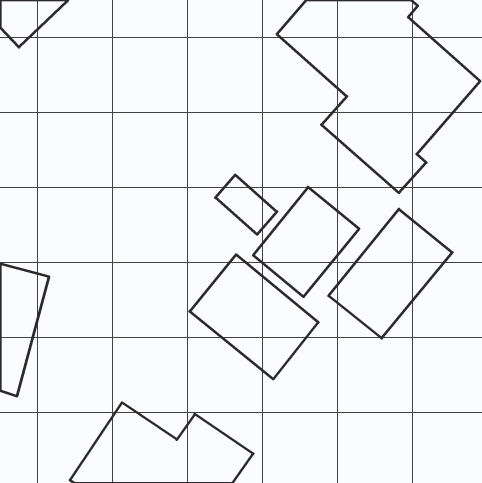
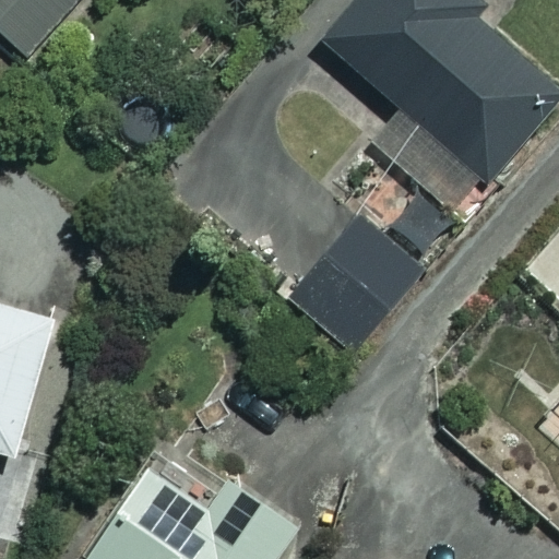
building: [329,209,452,338] -> none
building: [190,255,318,379] -> none

